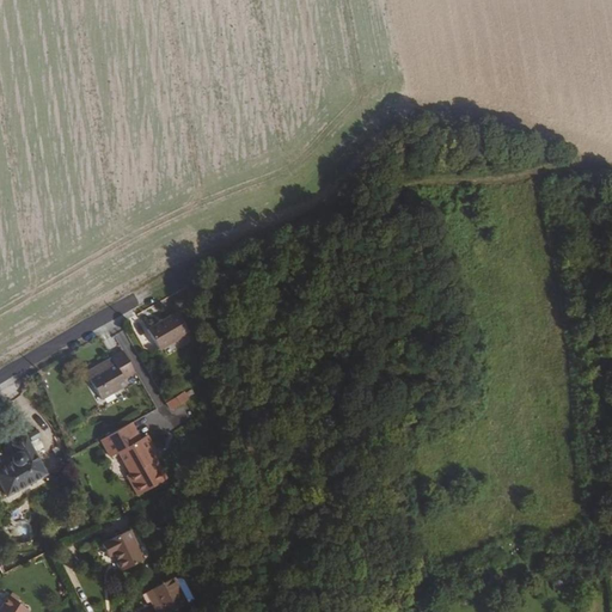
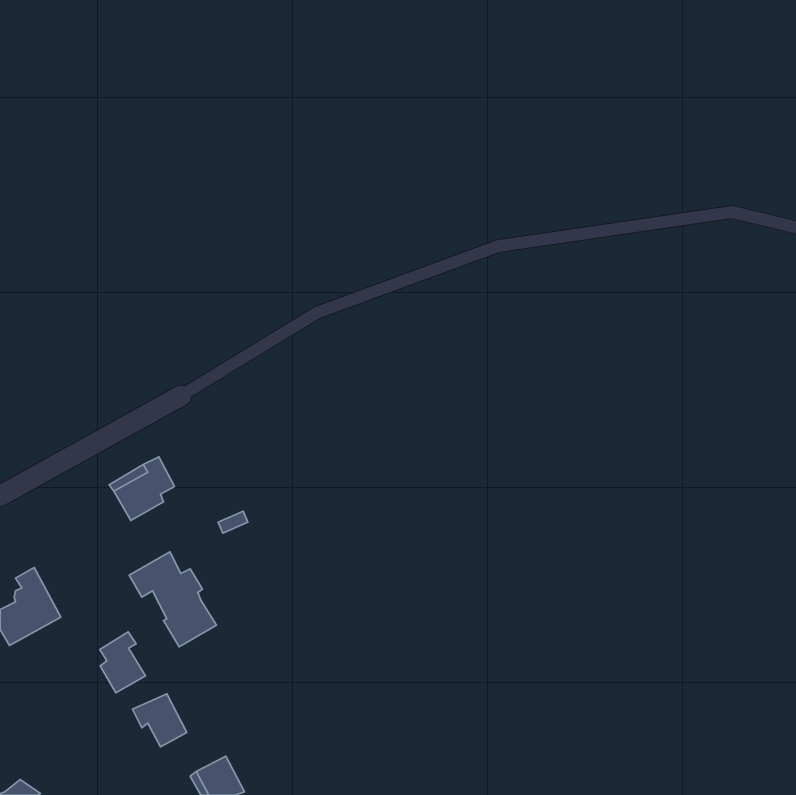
building: [147,312,189,350] -> none
building: none -> [100,632,145,693]

